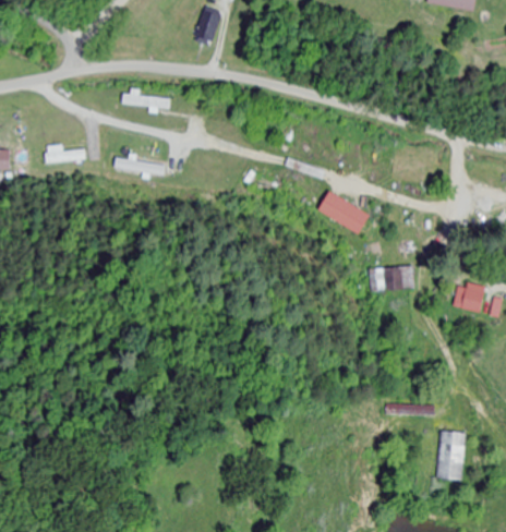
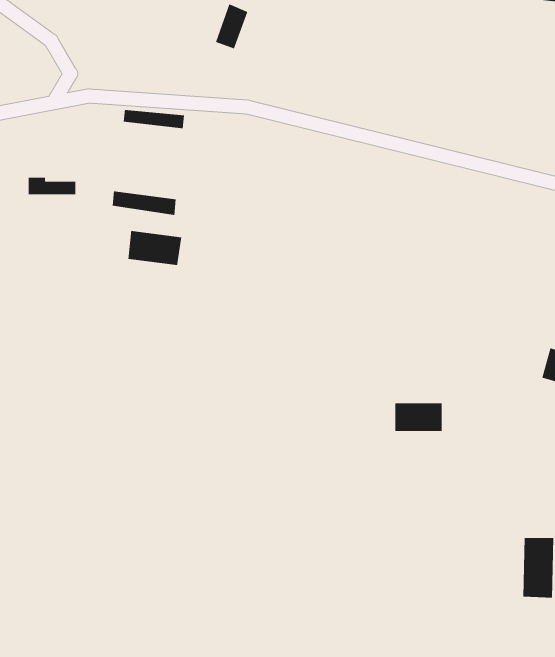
building: none -> [128,230,182,266]
building: [317,190,370,234] -> none
building: [375,267,413,290] -> [394,403,443,432]

